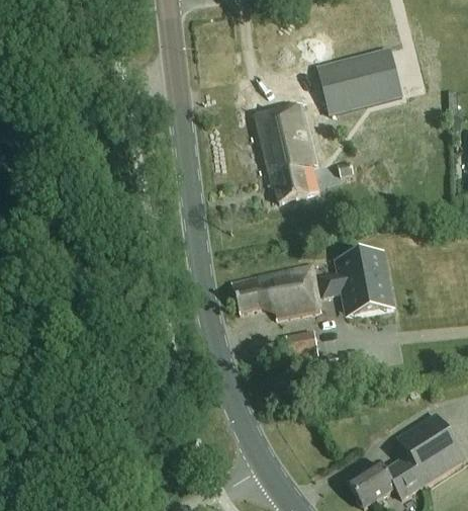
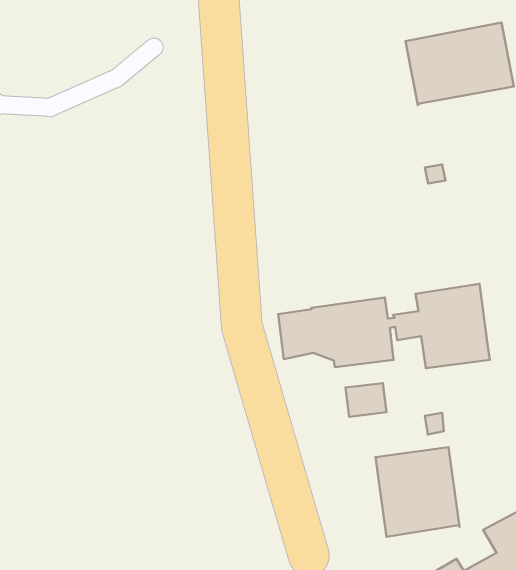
building: [253,102,319,201] -> none
building: none -> [376,447,459,537]

